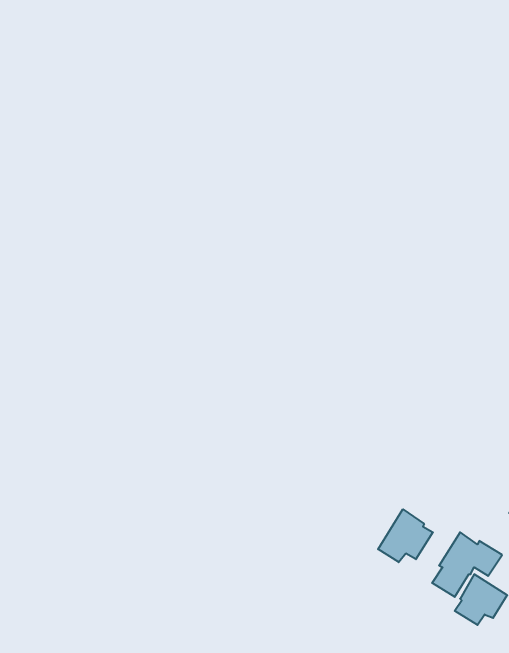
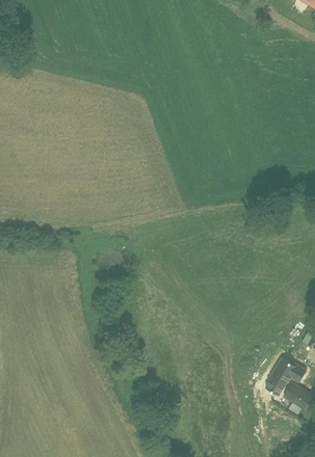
building: [378,509,433,562] -> none

